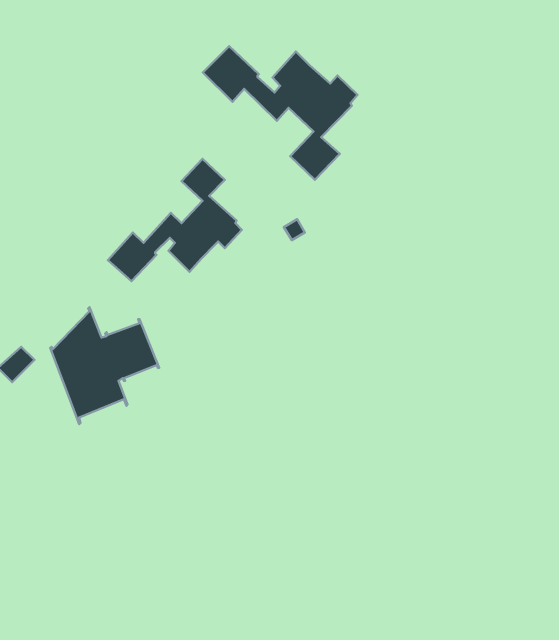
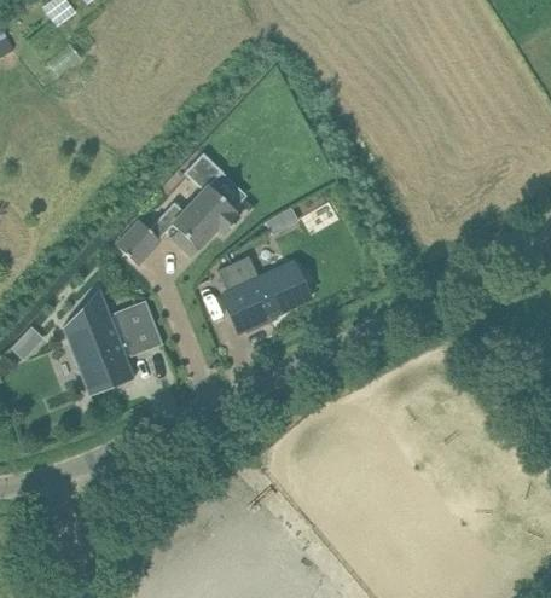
building: [203,46,358,180] -> none
building: none -> [218,254,298,332]

